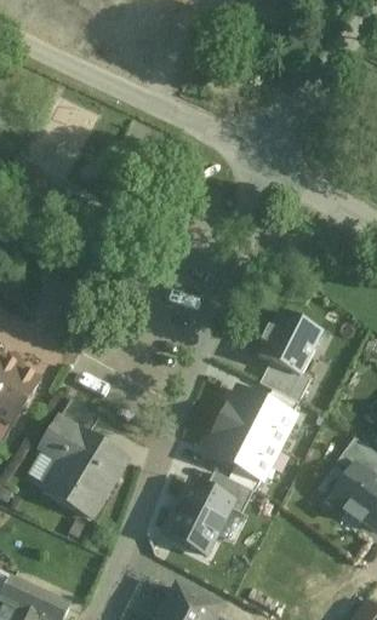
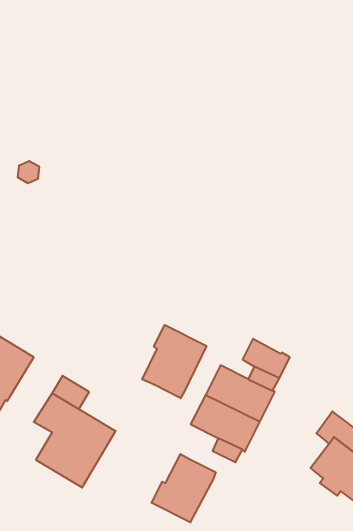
building: [257,309,322,375] -> none
building: none -> [142,325,206,398]
building: [205,470,252,512] -> none

